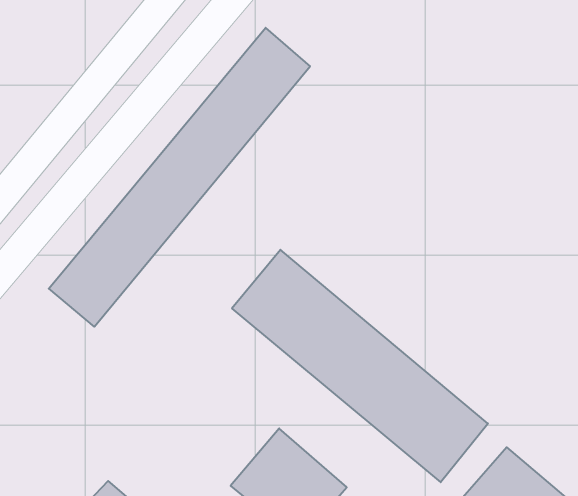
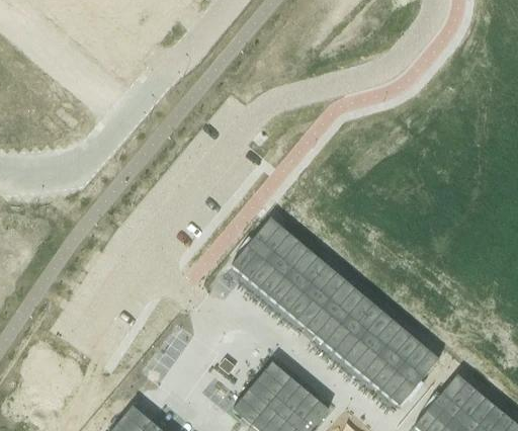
building: [49,28,310,327] -> none

